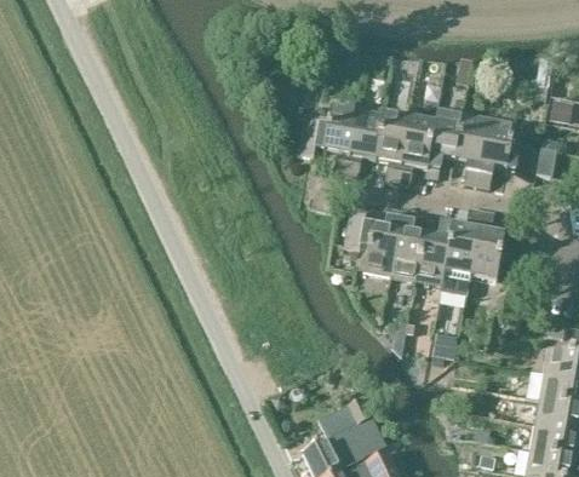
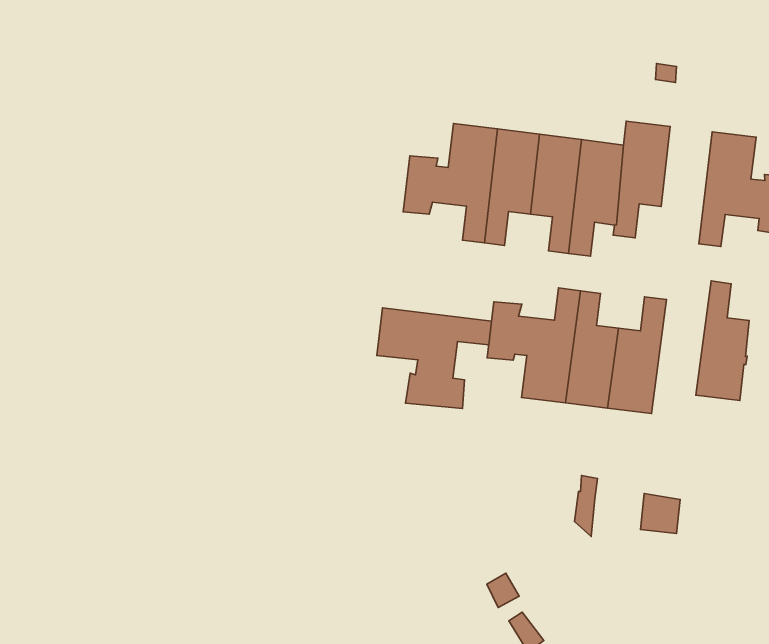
building: [454,110,488,183] -> none
building: [441,205,482,294] -> none
building: none -> [377,308,492,408]

